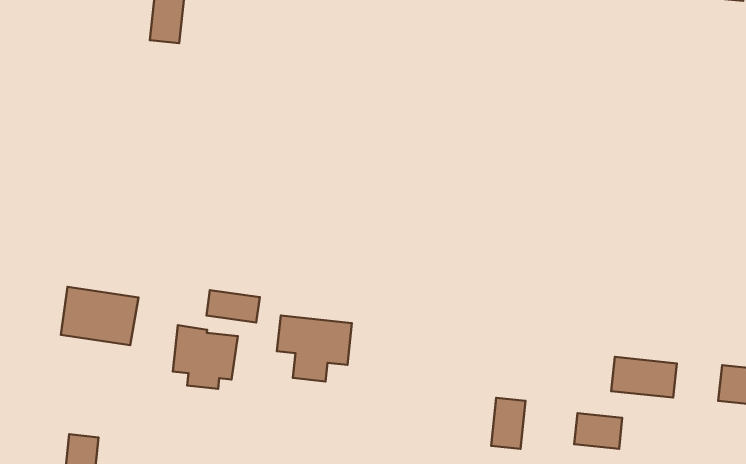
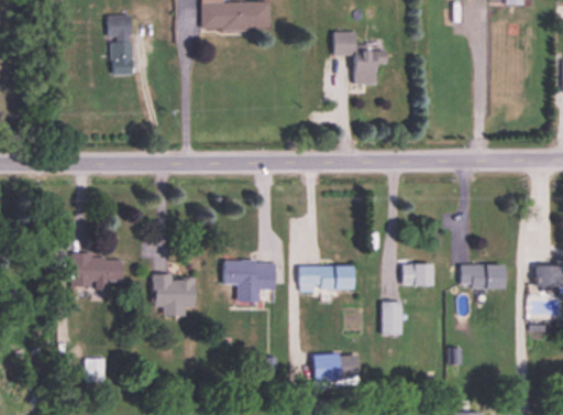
building: none -> [333,31,386,85]
building: [206,290,260,322] -> none
building: none -> [298,265,353,288]
building: [574,413,622,449] -> [401,264,433,286]

